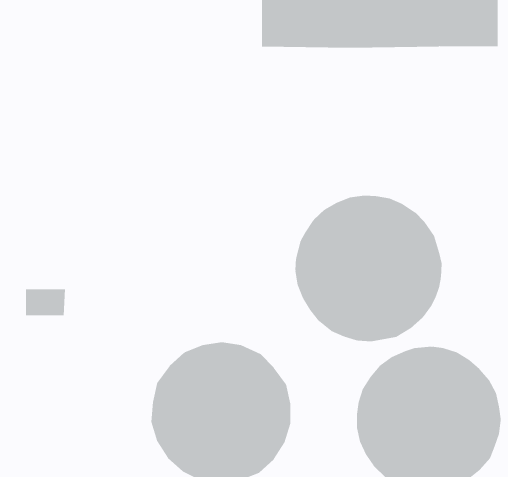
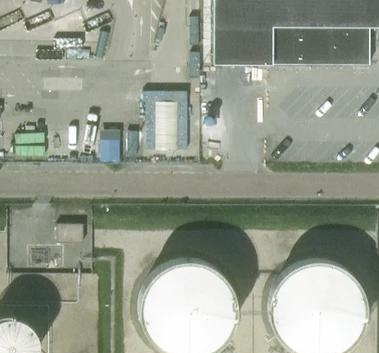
building: none -> [143,93,187,152]
building: [295,195,442,342] -> none

